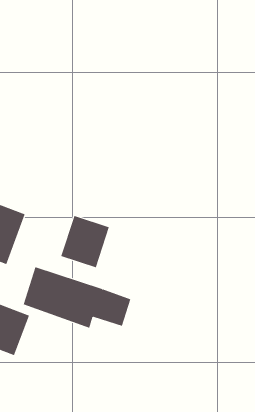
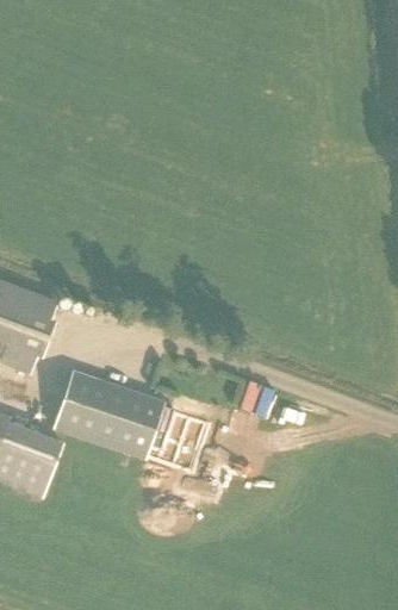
building: [61,215,110,268] -> none

